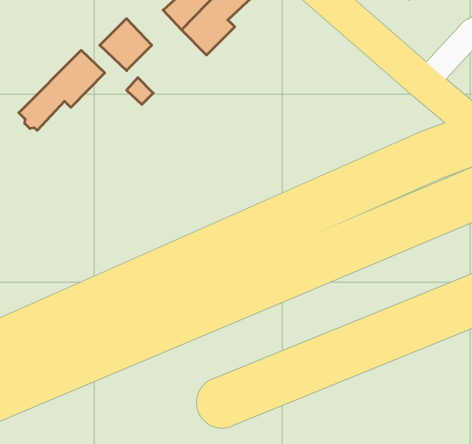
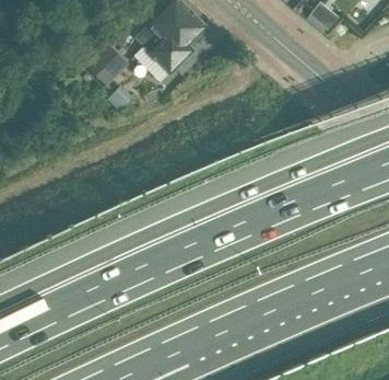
building: [19,50,105,130] -> none

